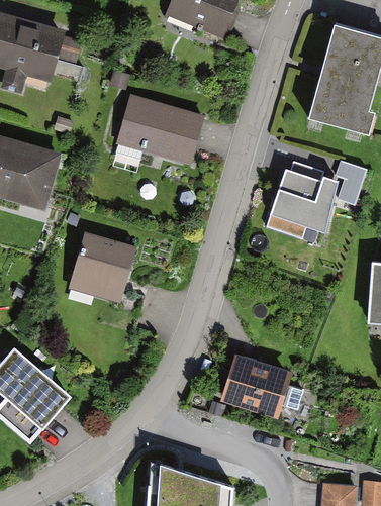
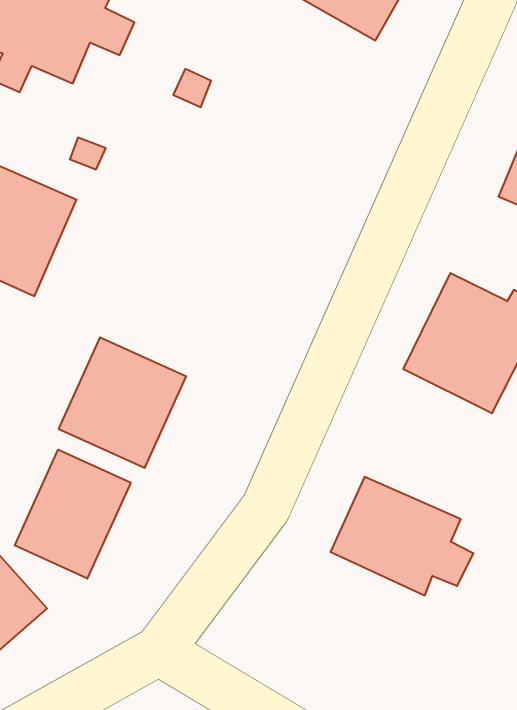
building: [114,93,204,165] -> none
building: none -> [15,450,131,579]
building: [220,355,304,419] -> [330,477,474,595]

